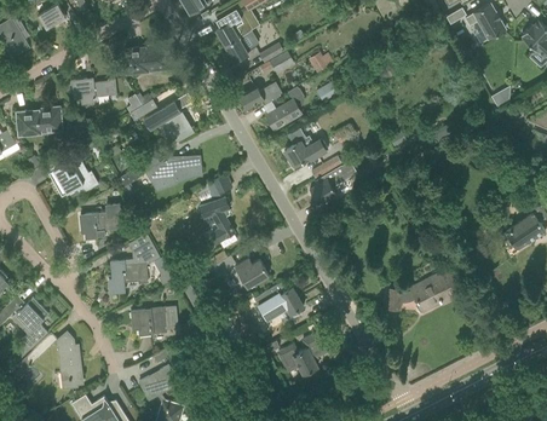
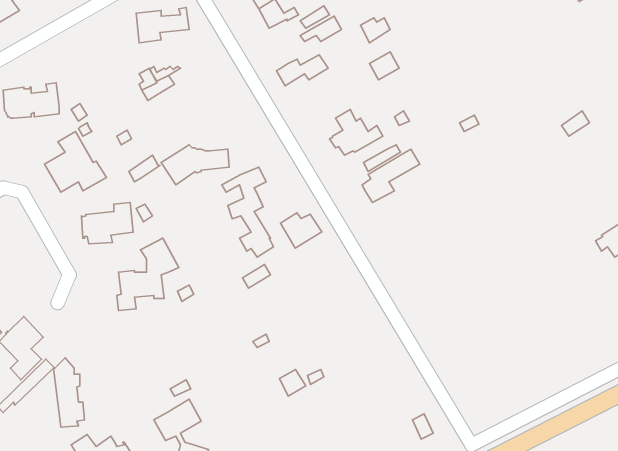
building: [73,79,116,104] -> none
building: [265,86,304,131] -> none
building: [144,93,192,140] -> none
building: [235,259,269,288] -> [281,213,322,248]
building: [382,272,460,311] -> none
building: [254,283,304,323] -> none
building: [132,307,178,335] -> none
building: [277,331,329,375] -> none

